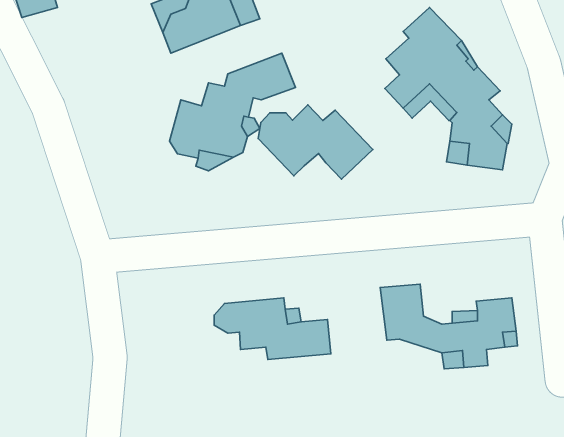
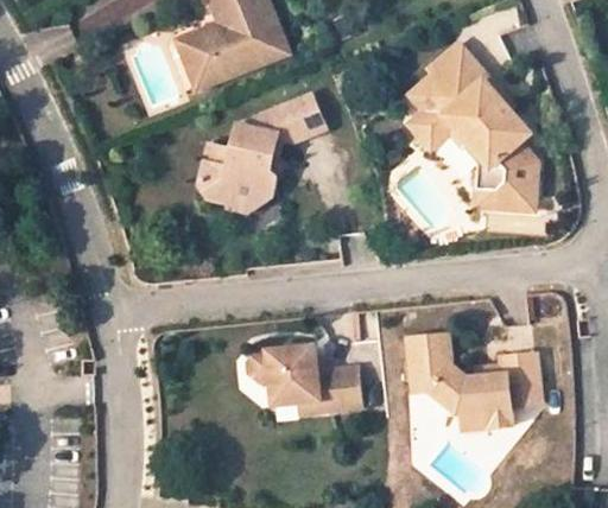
building: [258,105,373,179] -> none

